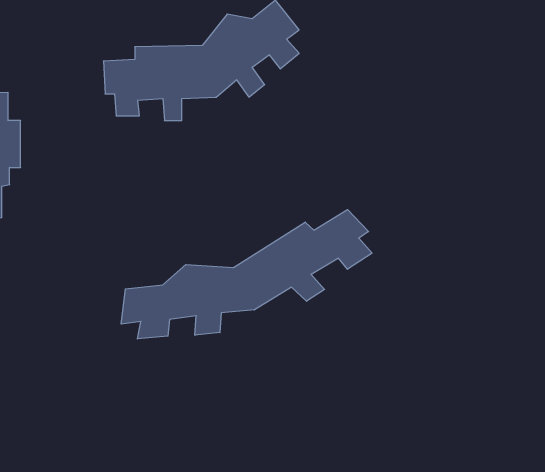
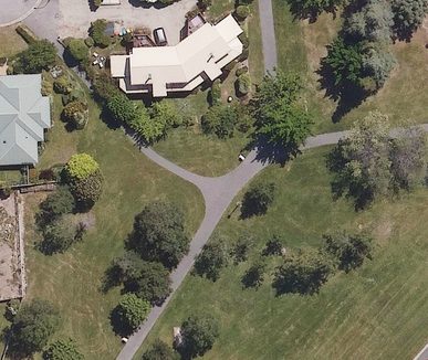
building: [121,210,372,339] -> none

